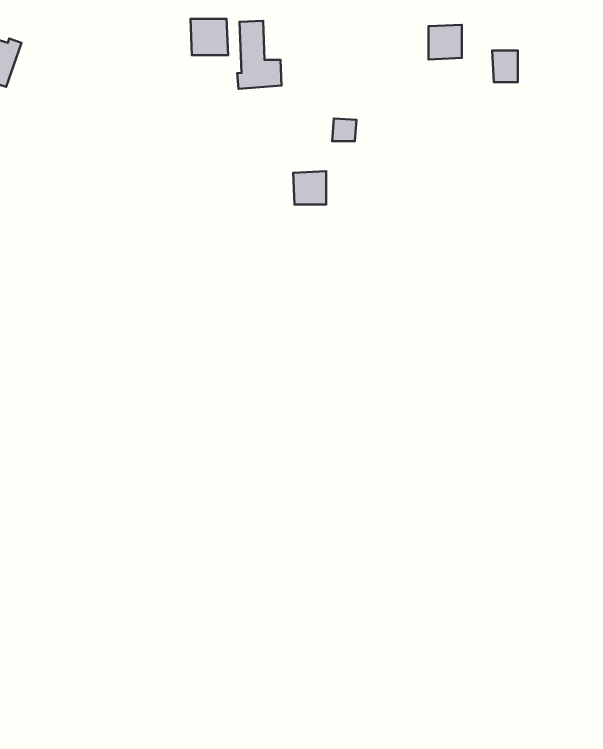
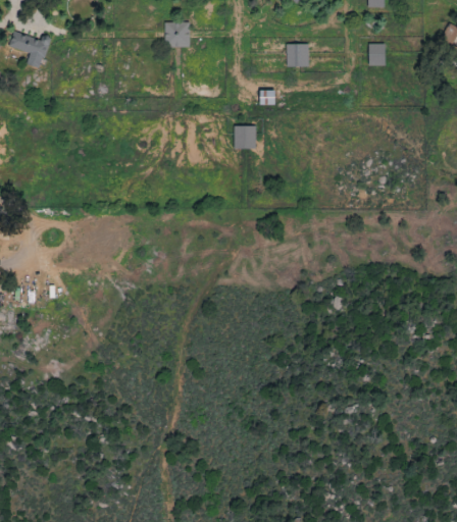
building: [237,21,282,89] -> none
building: [429,25,462,60] -> [287,44,309,67]

